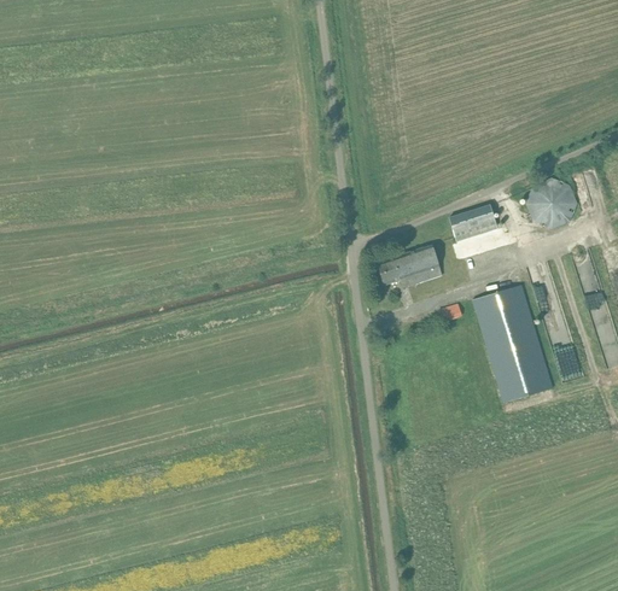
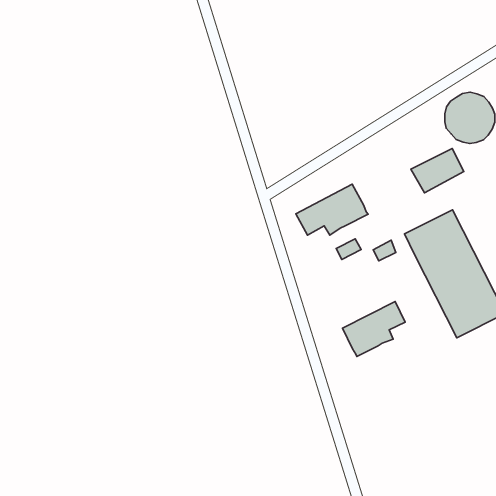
building: [448,205,496,241] -> [411,149,464,193]
building: none -> [342,302,405,357]

